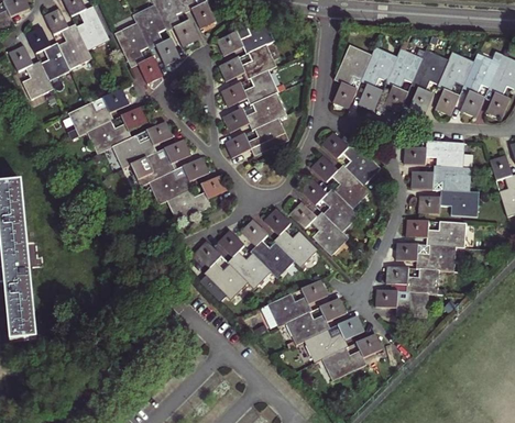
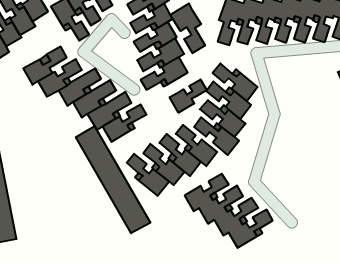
building: none -> [170,3,205,53]
building: [403,141,479,216] -> none
building: none -> [170,79,207,113]
building: none -> [76,126,150,233]
building: [375,220,465,316] -> none

